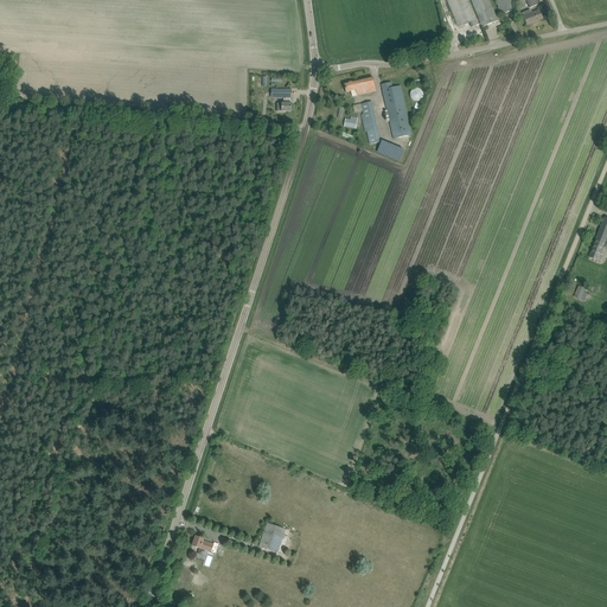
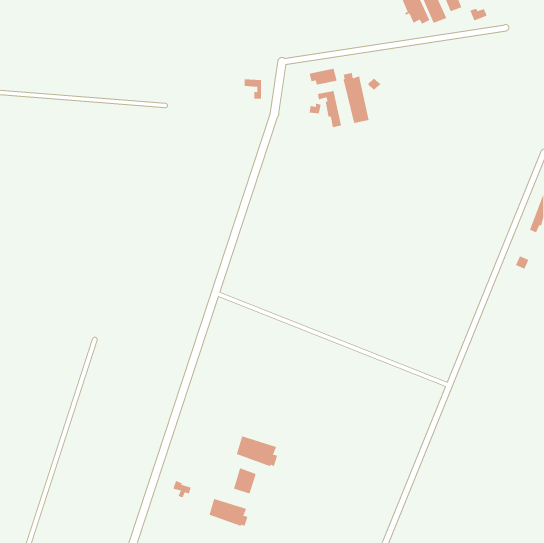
building: none -> [236,436,278,467]
building: none -> [209,498,248,527]

